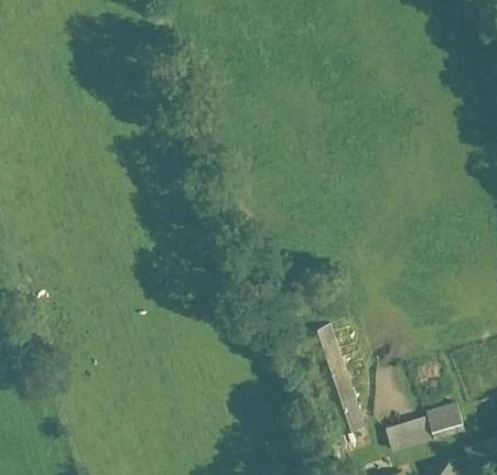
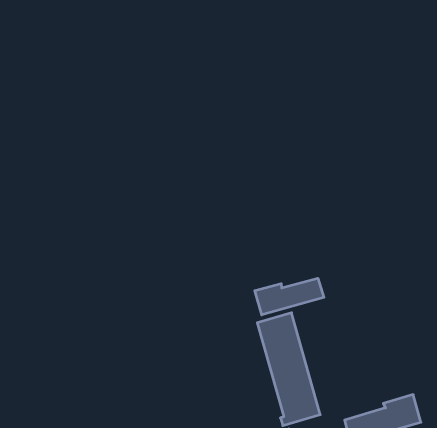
building: none -> [255,278,324,315]

